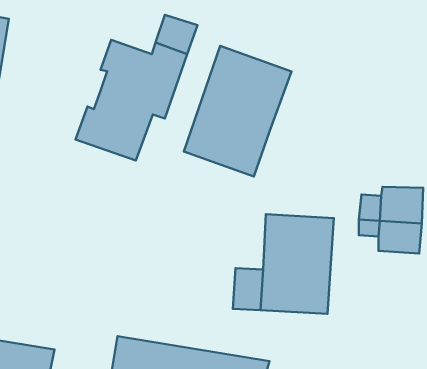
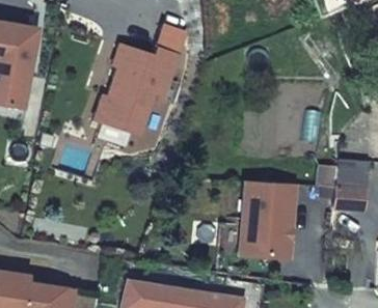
building: [184,46,291,176] -> none

